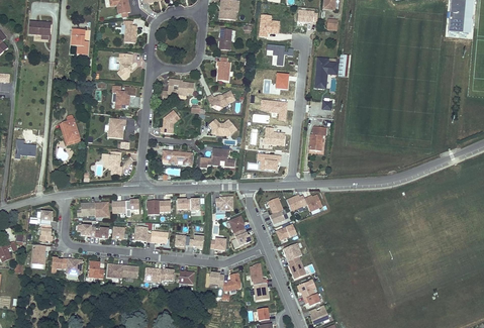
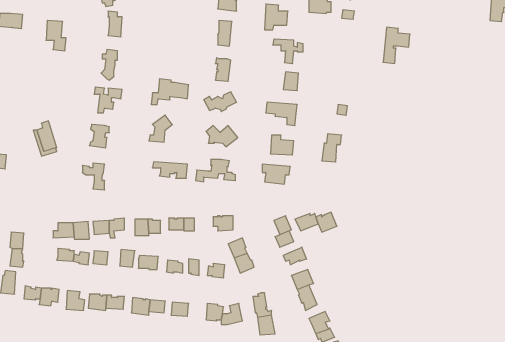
building: [315,58,338,89] -> [383,27,410,63]

